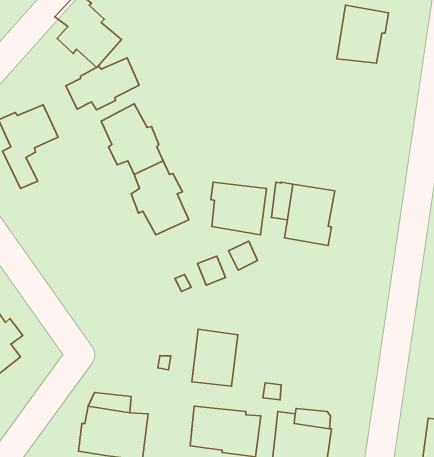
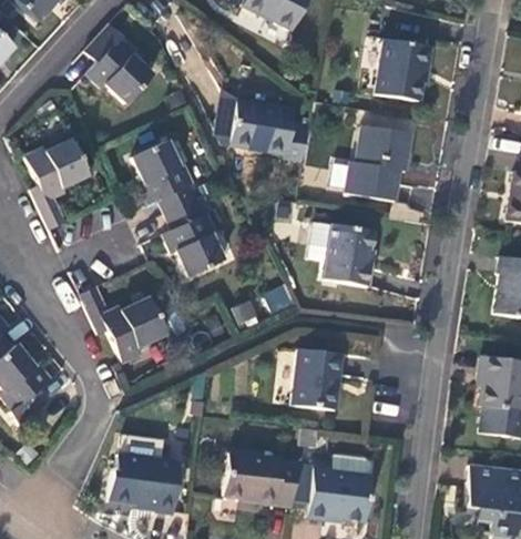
building: [66,58,139,110] -> none
building: none -> [229,100,293,153]
building: none -> [345,125,411,200]
building: [211,182,267,235] -> none
building: none -> [80,285,165,360]
building: [192,329,238,386] -> [293,348,340,407]

